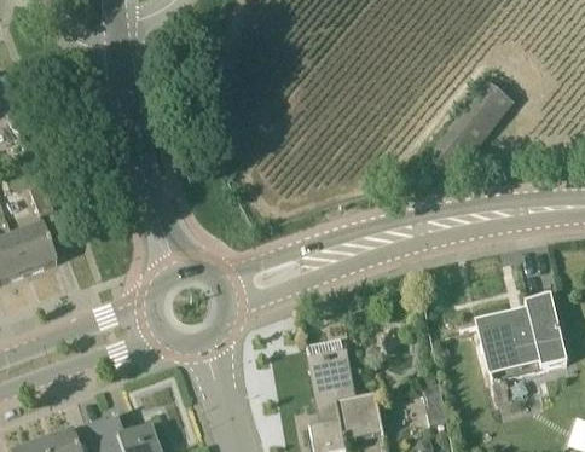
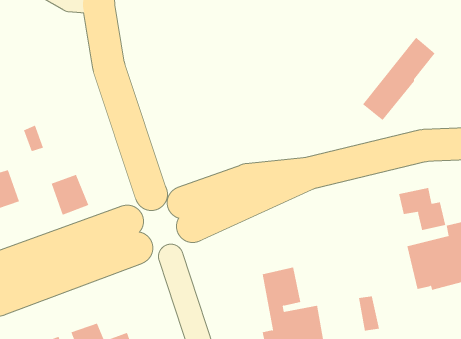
building: [13,224,58,272] -> [51,174,89,215]
building: none -> [398,187,446,231]

